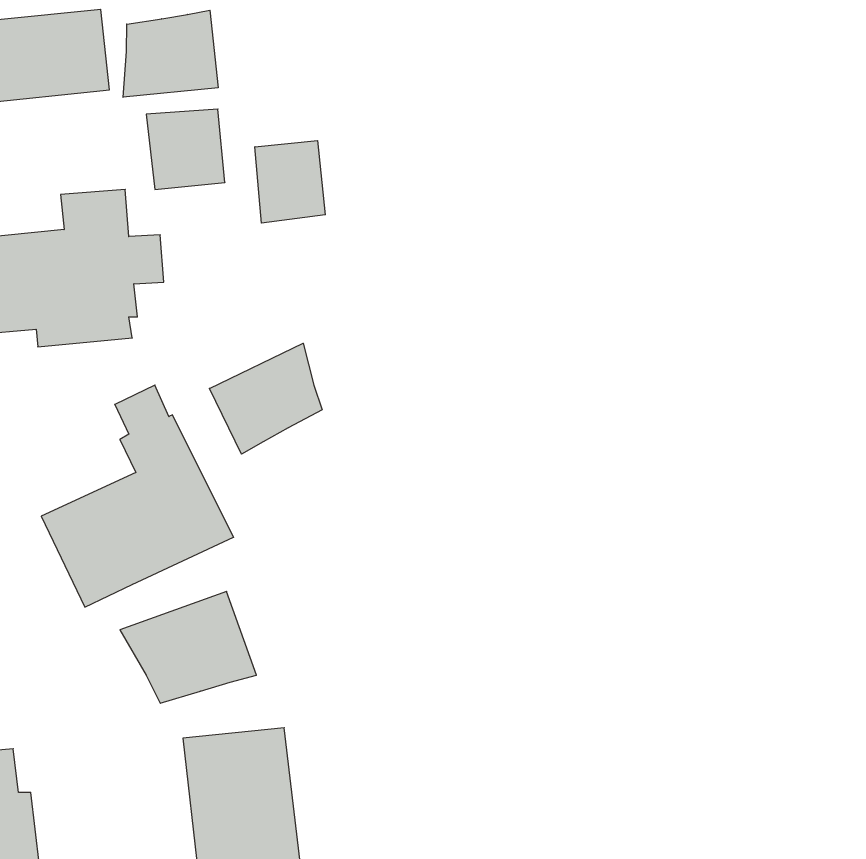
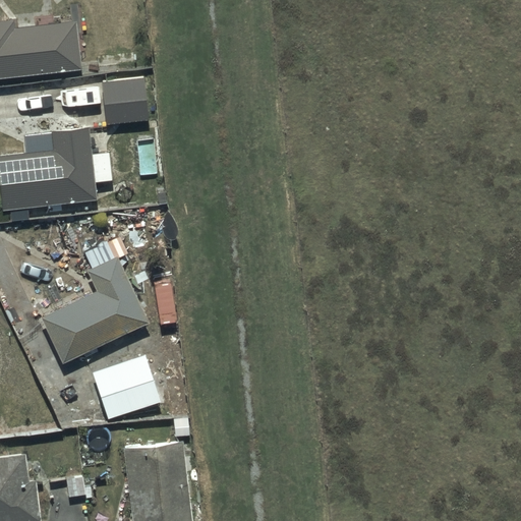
building: [123,10,218,97] -> none
building: [255,141,325,223] -> none
building: [209,343,322,454] -> none

